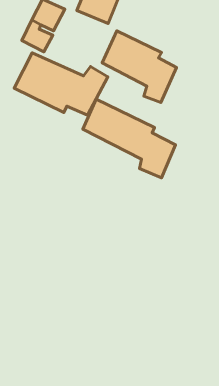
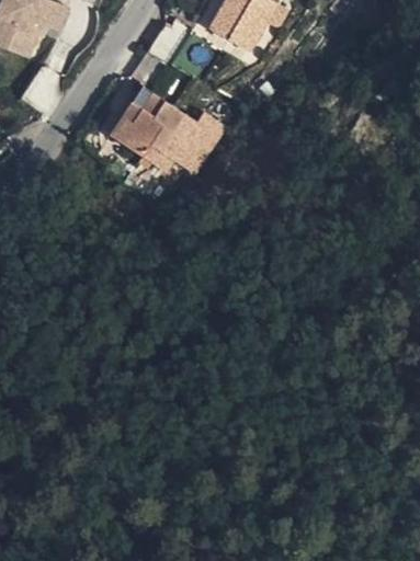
building: [102,31,176,103] -> none
building: [83,99,176,178] -> none

